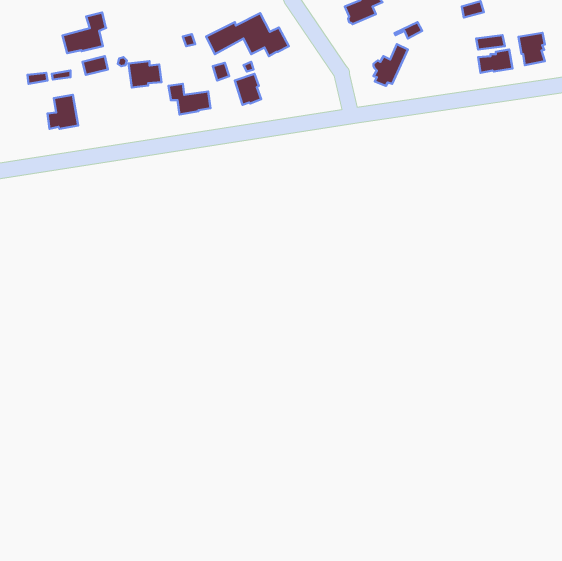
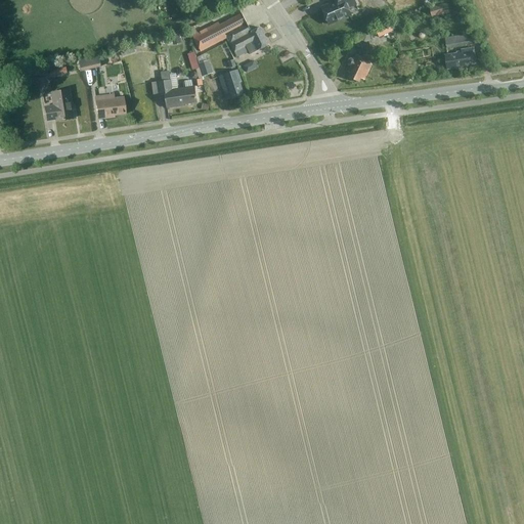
building: [62,12,106,53] -> none
building: [518,33,545,65] -> none
building: [128,61,162,88] -> [94,93,125,118]

